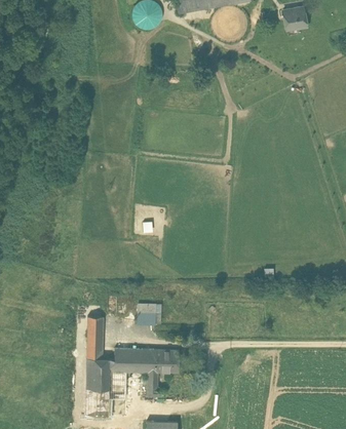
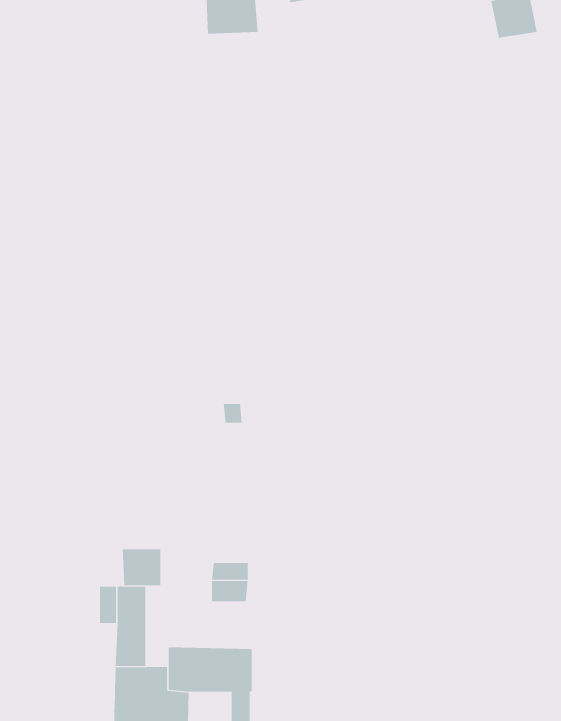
building: none -> [122,549,161,586]
building: [158,348,179,372] -> none

